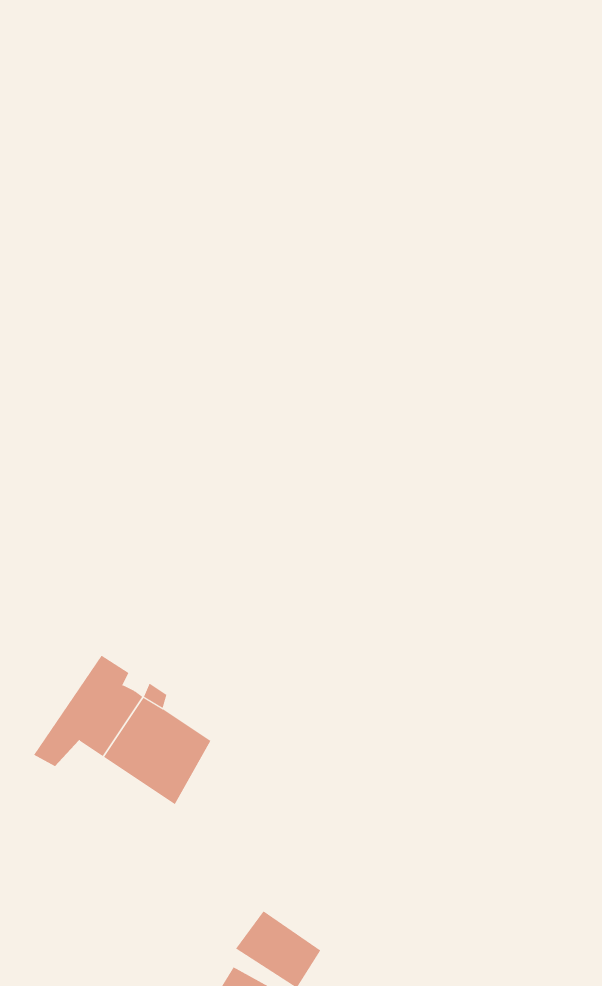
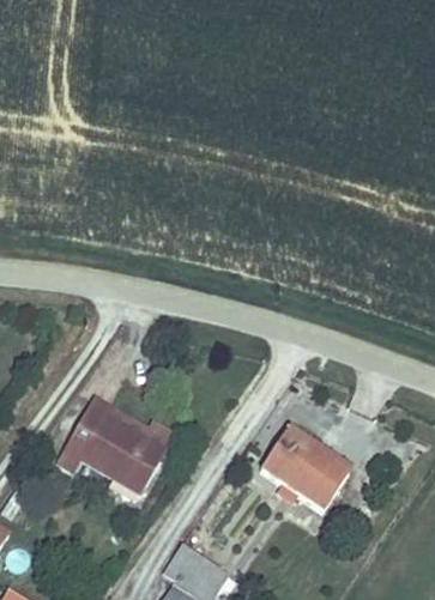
building: none -> [265,429,351,508]

